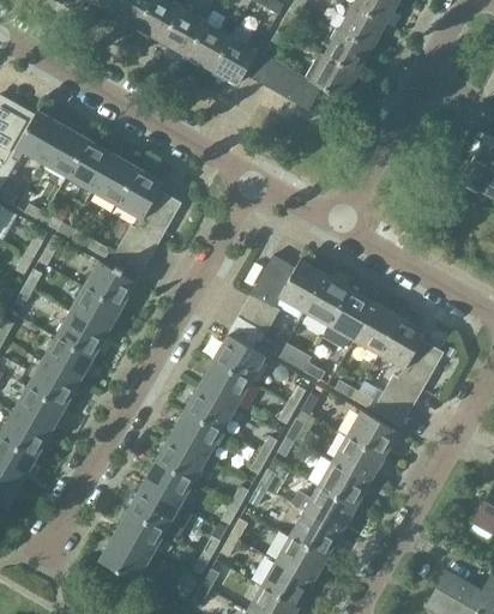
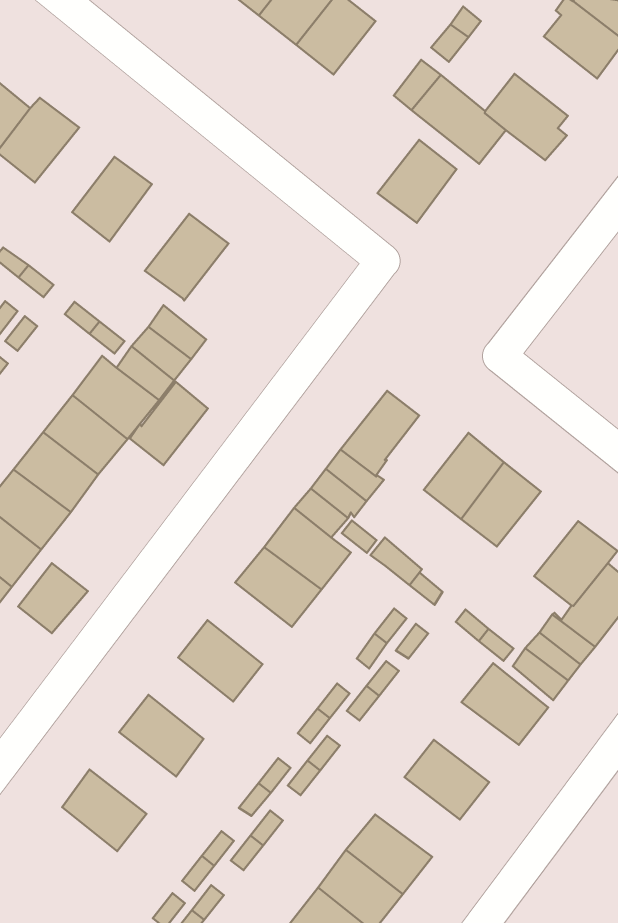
building: [320,29,370,74] -> none
building: [211,35,257,85] -> [377,140,457,223]
building: [41,126,86,177] -> none
building: [91,154,137,206] -> none
building: [135,191,180,242] -> [130,382,208,465]
building: [277,260,325,313] -> none
building: [353,303,399,355] -> none
building: [185,386,236,433] -> none
building: none -> [18,563,88,633]
building: [156,437,207,483] -> none
building: [332,438,384,483] -> none
building: [127,487,180,534] -> none
building: [303,488,355,534] -> none
building: [100,537,151,584] -> none

